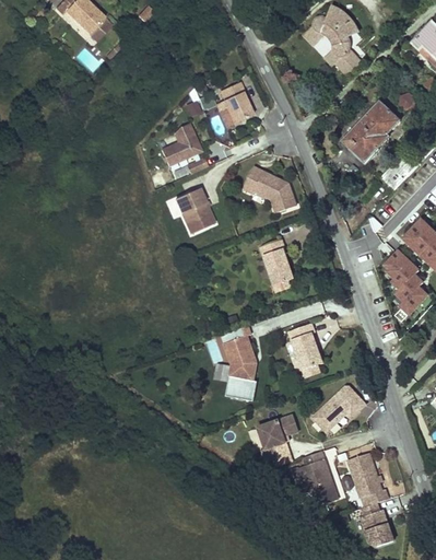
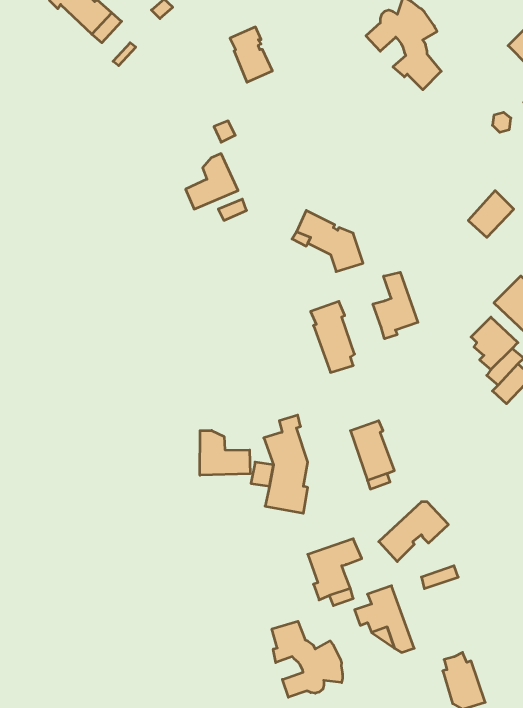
building: [223,82,256,125] -> [230,27,272,82]
building: [342,100,399,160] -> none
building: [176,188,216,236] -> none
building: none -> [373,272,418,339]
building: none -> [200,430,250,475]
building: [346,458,388,511] -> none
building: none -> [272,621,343,697]

